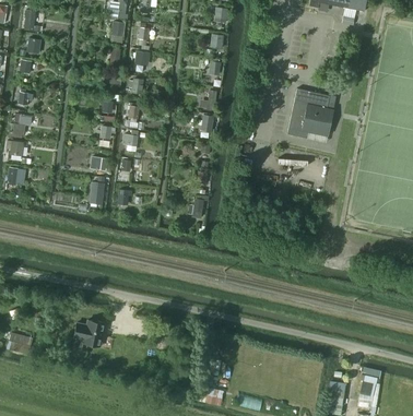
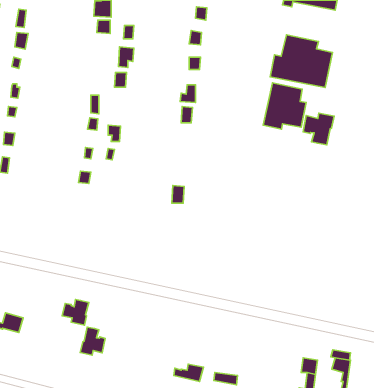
building: none -> [270,35,332,88]
building: none -> [303,113,334,145]
building: none -> [80,327,105,355]

